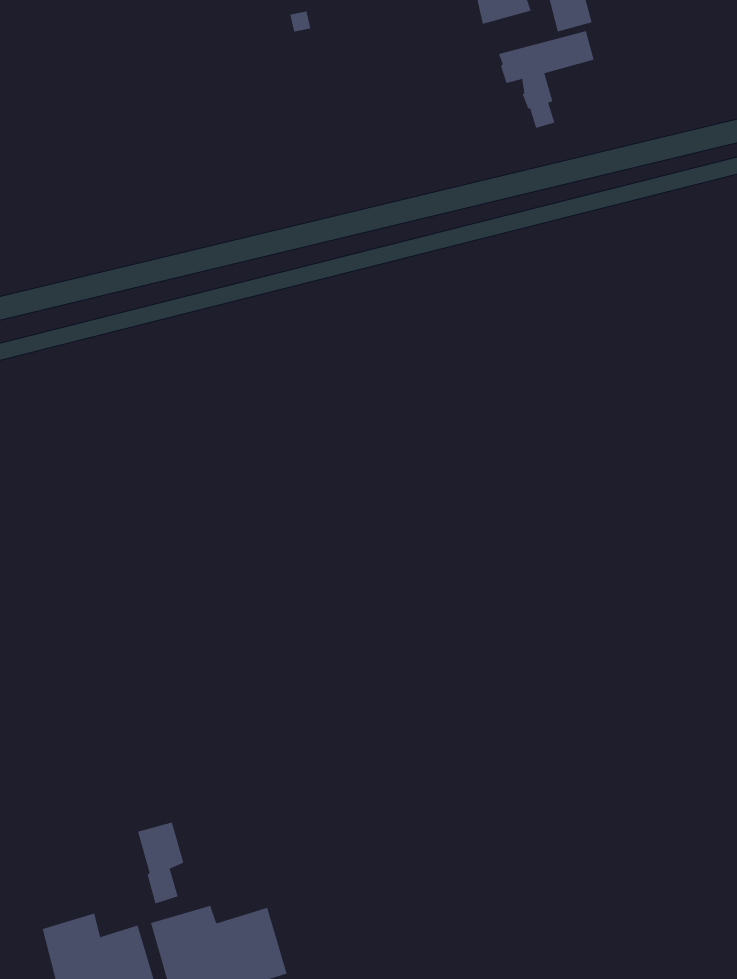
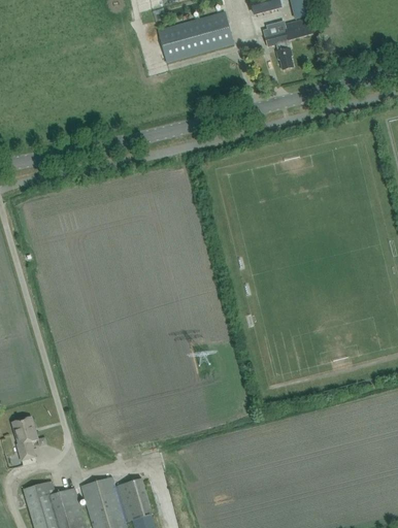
building: none -> [158,12,231,61]
building: [137,822,184,904] -> [11,417,36,460]

